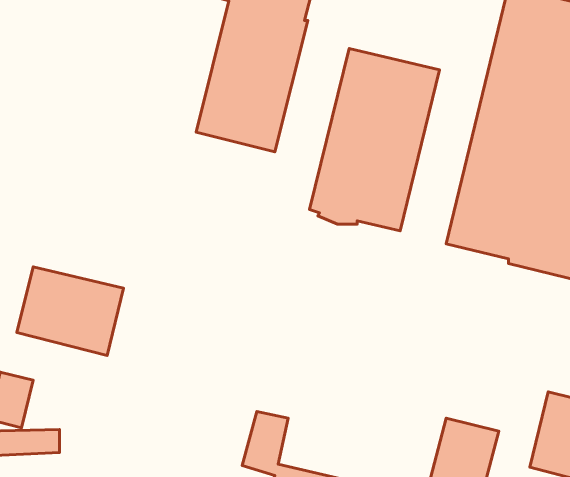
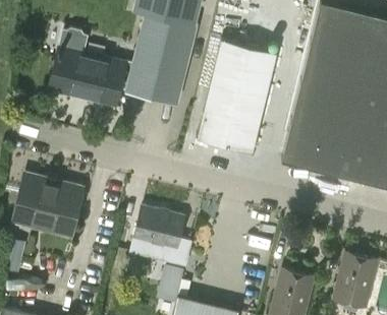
building: none -> [52,32,125,105]
building: none -> [134,208,191,267]

